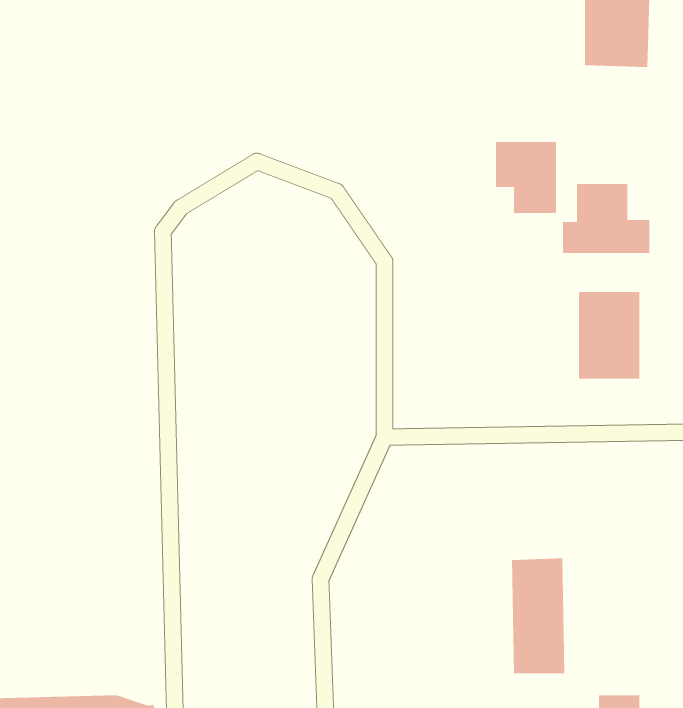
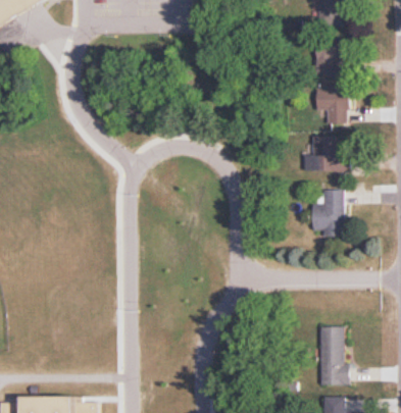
building: [495,142,557,213] -> [317,88,349,124]
building: [511,558,565,674] -> [319,326,347,385]

